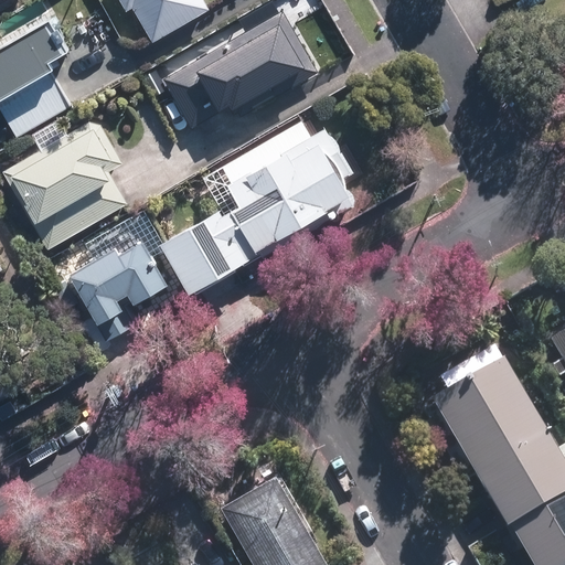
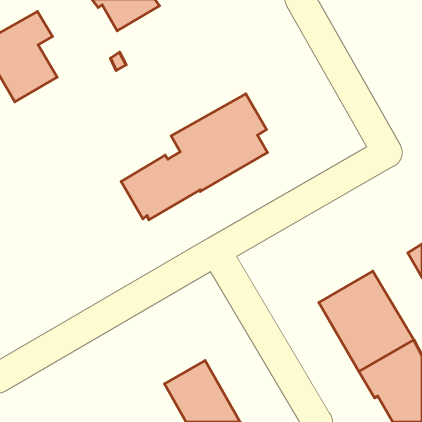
building: [167,9,322,127] -> none
building: [6,117,129,247] -> none
building: [71,238,168,339] -> none

